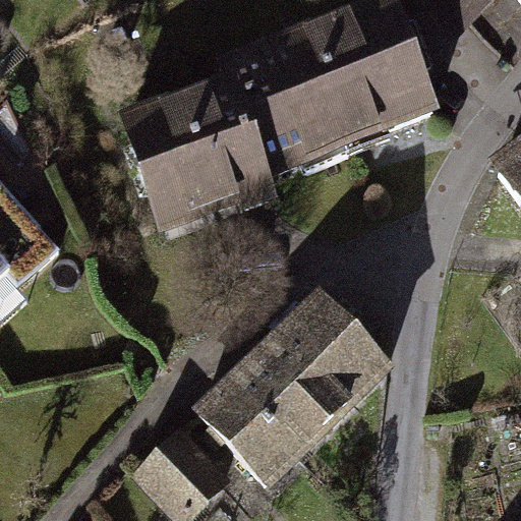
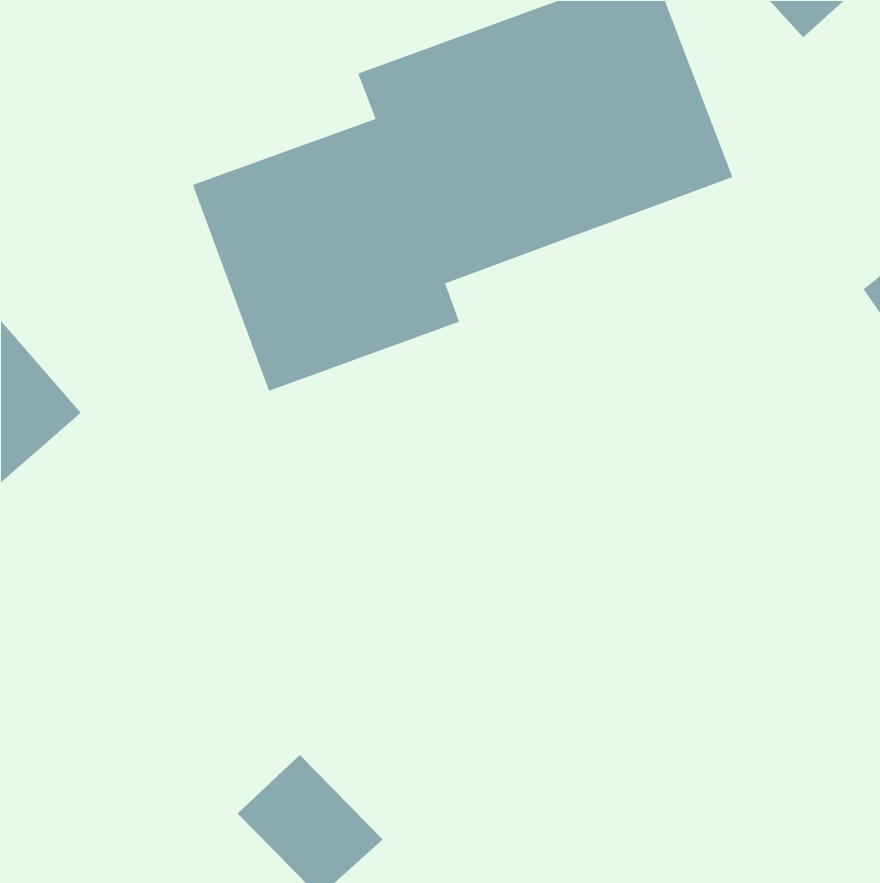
building: [207,309,393,491] -> none

